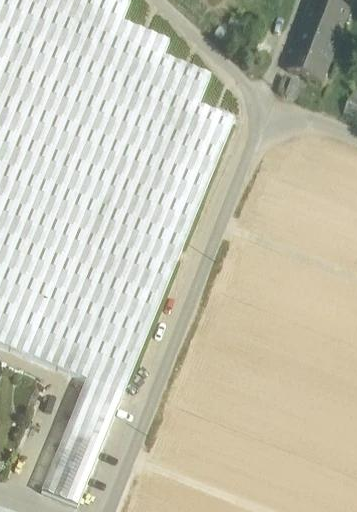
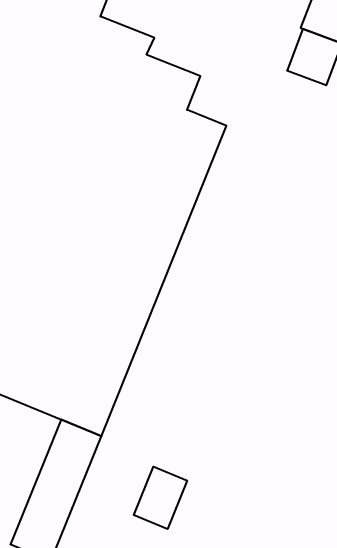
building: none -> [134,467,187,529]

